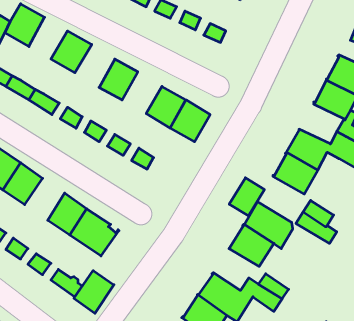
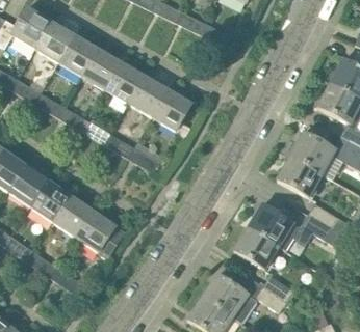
building: none -> [35,21,74,62]
building: none -> [81,48,121,90]
building: [170,100,210,142] -> [128,75,168,116]
building: [229,178,264,216] -> none
building: none -> [31,181,71,222]
building: [74,271,114,313] -> none

